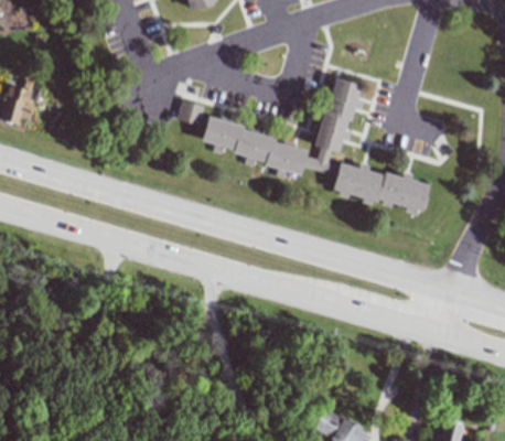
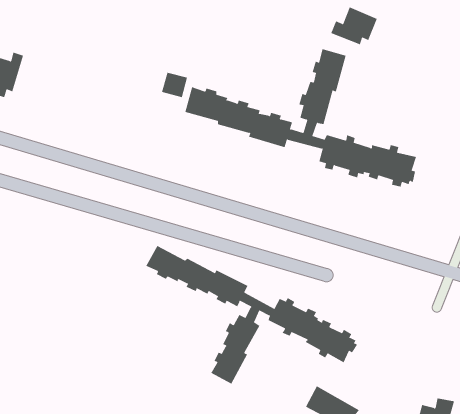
building: none -> [331,6,378,45]
building: none -> [146,245,358,384]

